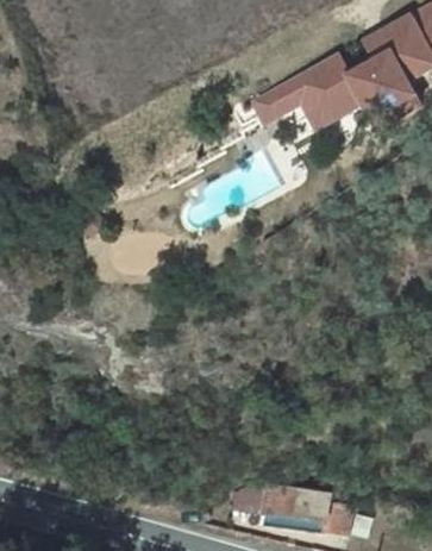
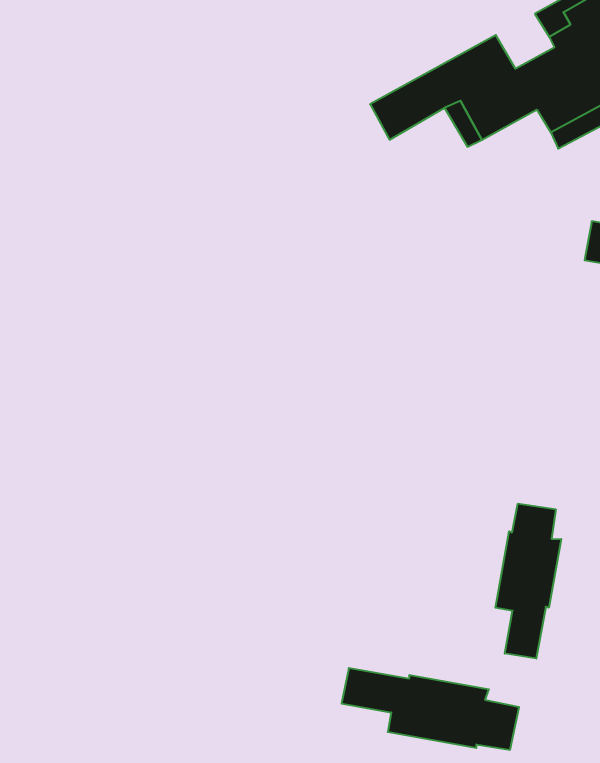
building: none -> [495,504,561,659]

